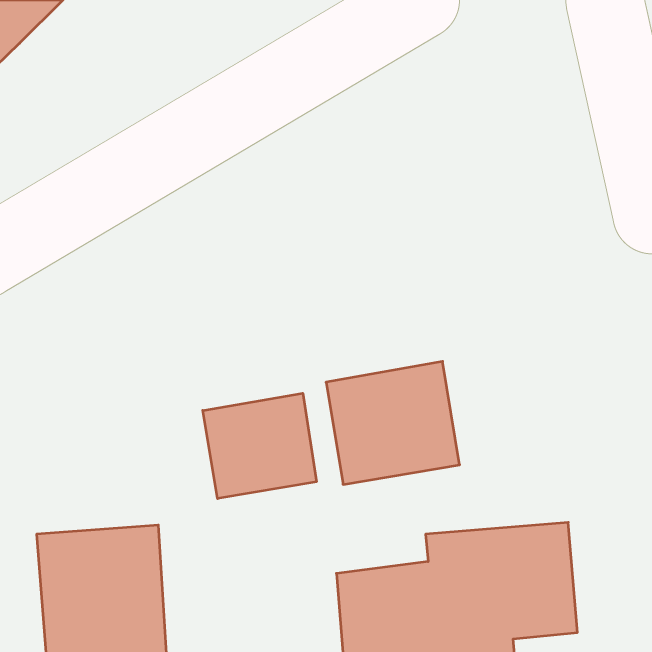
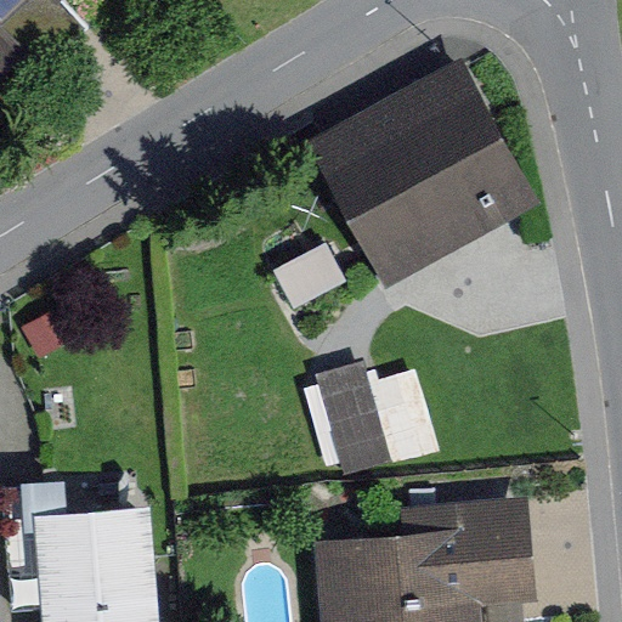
building: none -> [313,74,528,285]
building: [203,393,316,499] -> none

